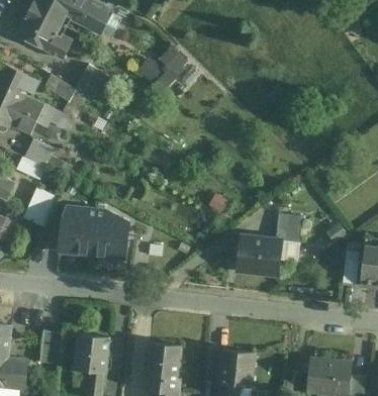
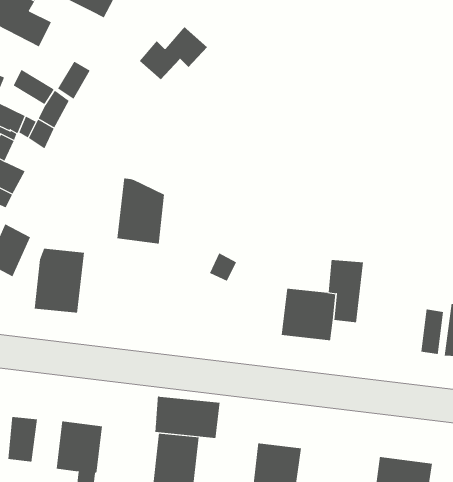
building: [92,210,127,259] -> [117,178,165,244]
building: none -> [155,396,220,439]

